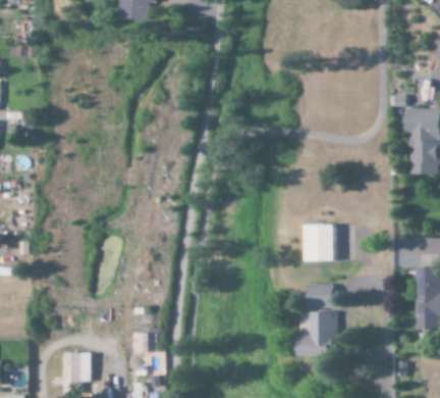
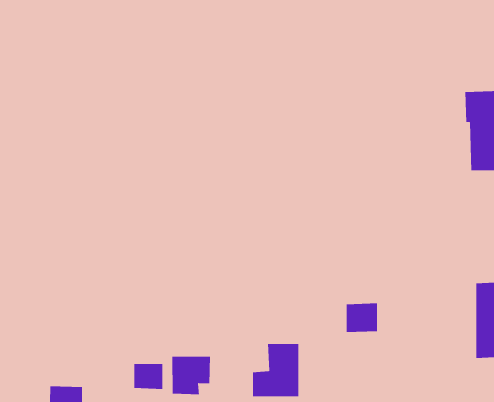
building: [306,223,335,260] -> none
building: [296,311,335,355] -> [252,344,299,397]
building: none -> [172,356,210,395]

